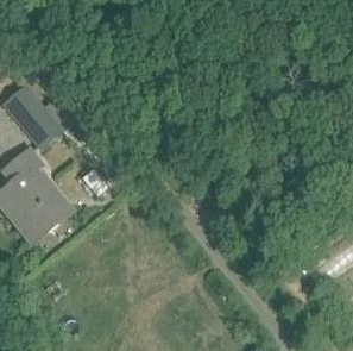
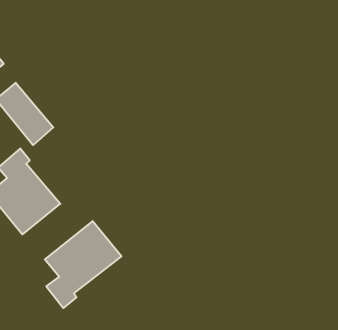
building: none -> [45,221,121,308]

